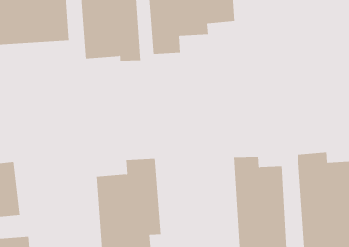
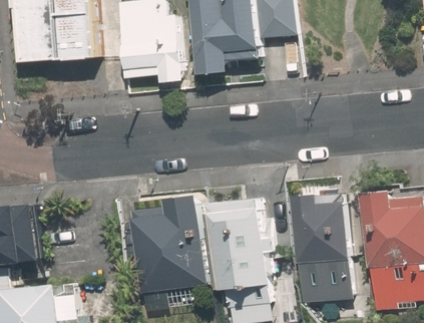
building: none -> [209,200,266,290]

